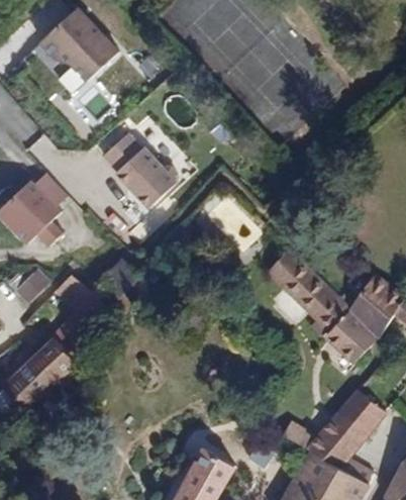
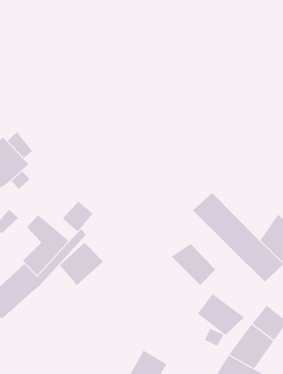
building: [38,11,114,81] -> none
building: [102,135,176,211] -> none
building: none -> [59,242,104,286]
building: none -> [171,243,216,286]
building: none -> [197,293,245,336]

